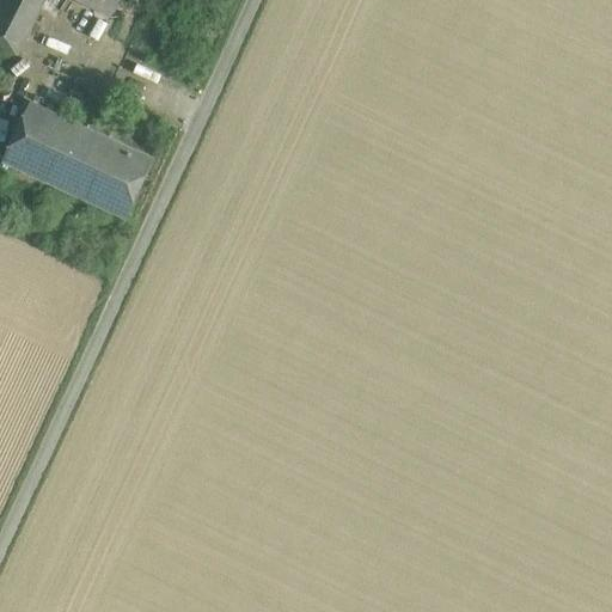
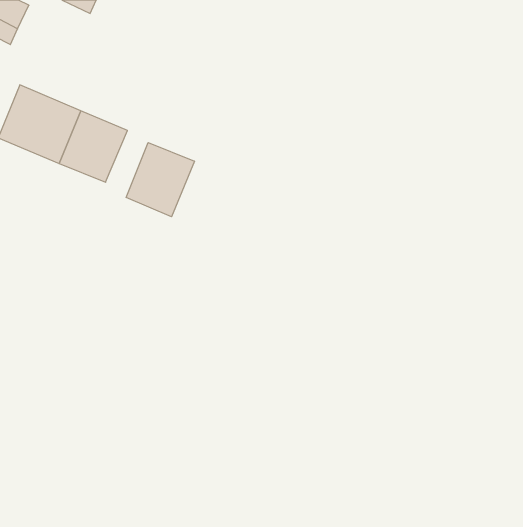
building: none -> [126,143,194,217]

